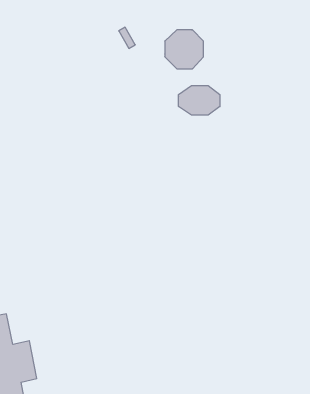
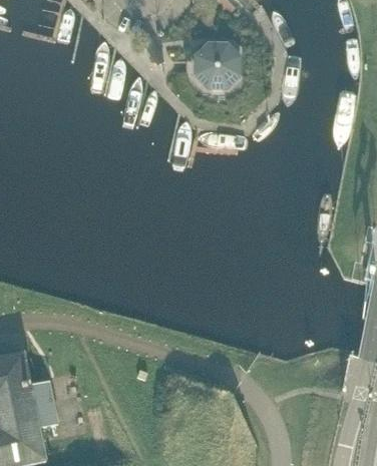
building: [179,86,220,115] -> none

